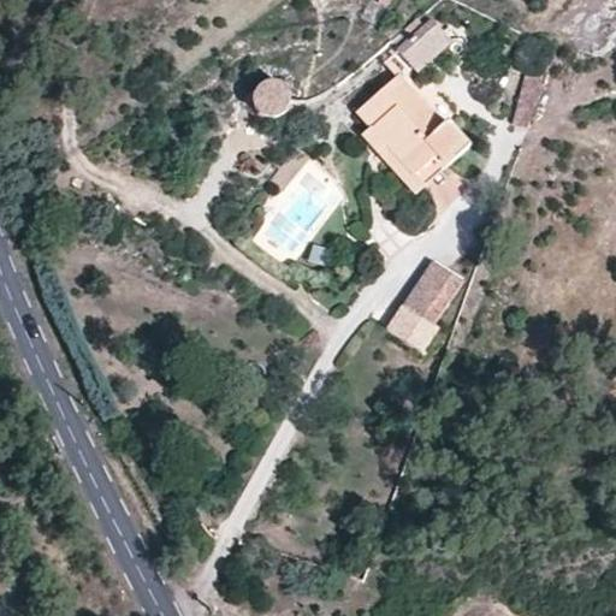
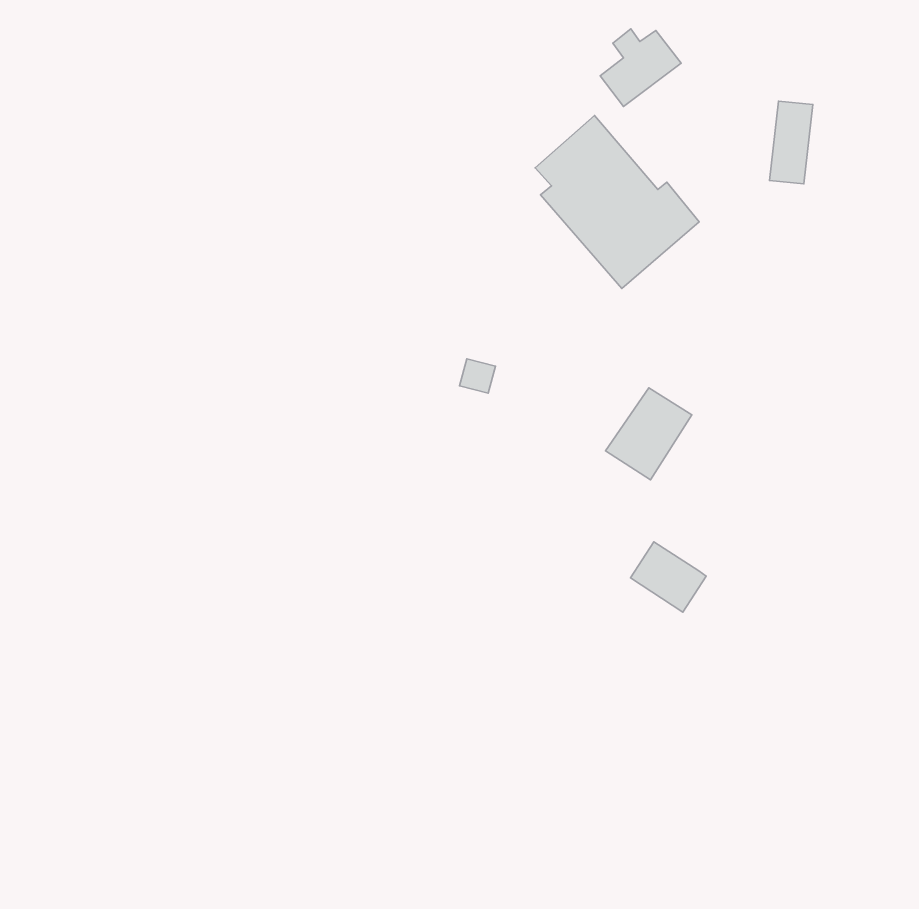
building: [250,78,289,117] -> none
building: [389,301,439,348] -> [630,542,706,612]

